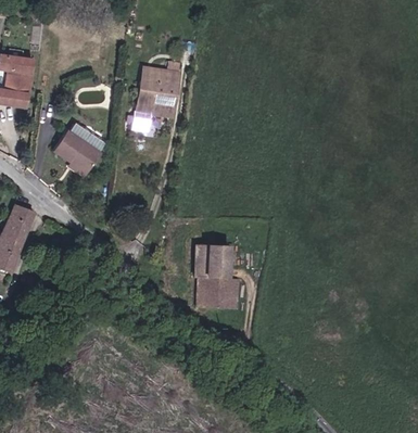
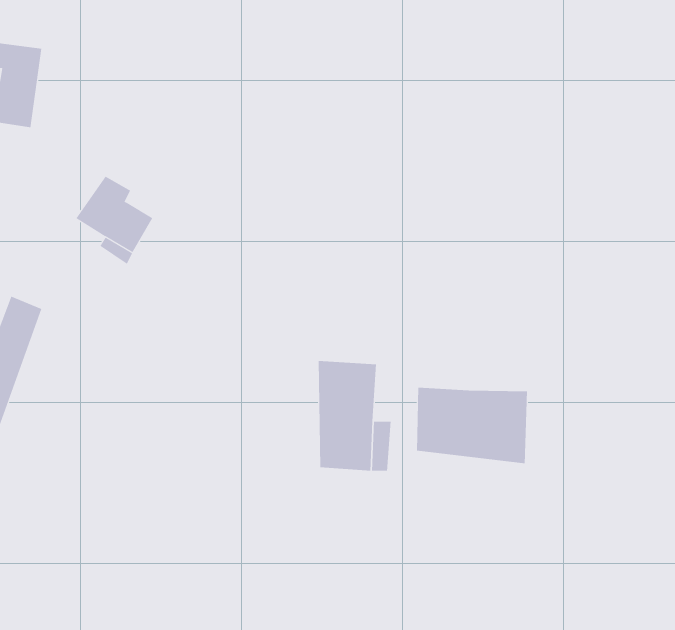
building: [127,63,180,133] -> none
building: none -> [417,387,527,464]

